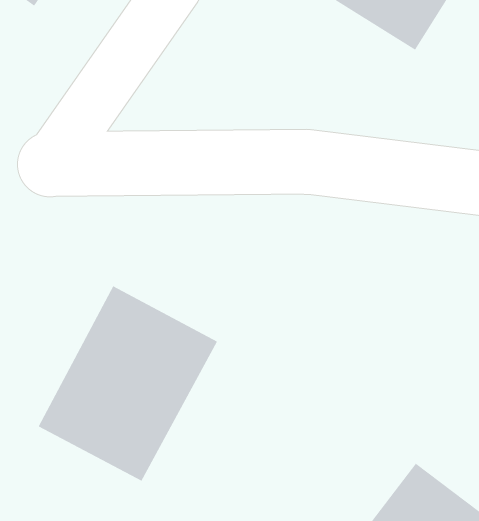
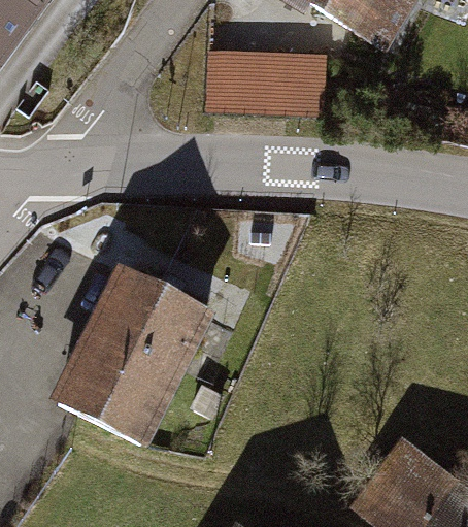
building: none -> [205,41,328,108]

